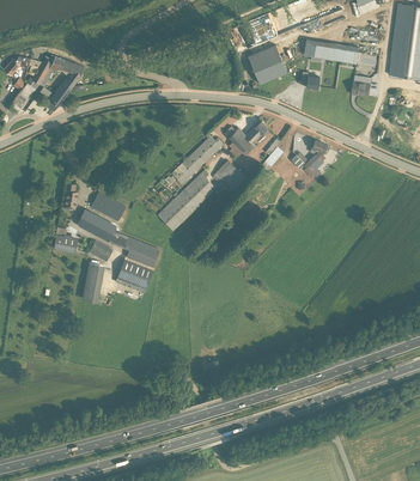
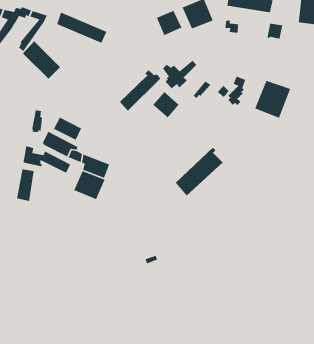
building: none -> [156,10,182,36]
building: none -> [56,11,107,44]
building: none -> [22,40,61,80]
building: none -> [254,80,291,119]
building: [157,170,217,231] -> [175,147,223,197]
building: [81,262,104,303] -> [16,169,35,202]

